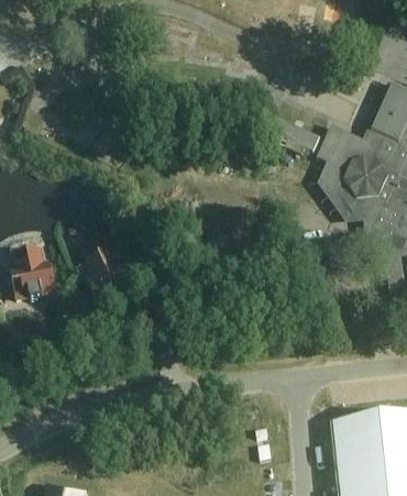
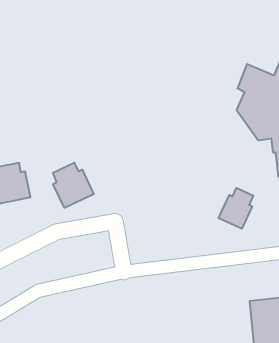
building: [270,114,319,152] -> none
building: none -> [219,188,253,229]

